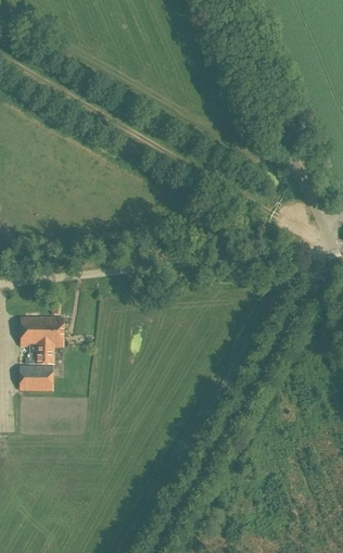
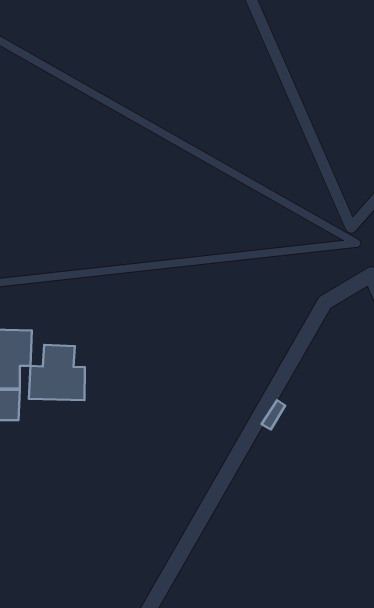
building: none -> [29,345,85,400]

